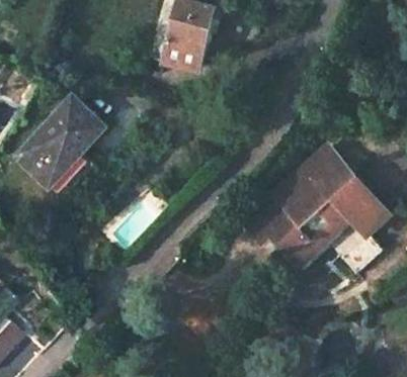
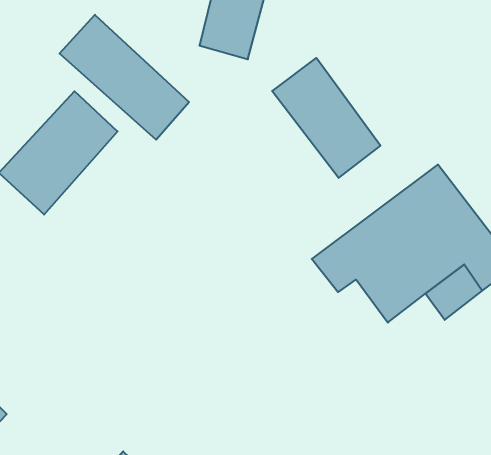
building: none -> [60,15,189,140]
building: none -> [272,58,380,178]

